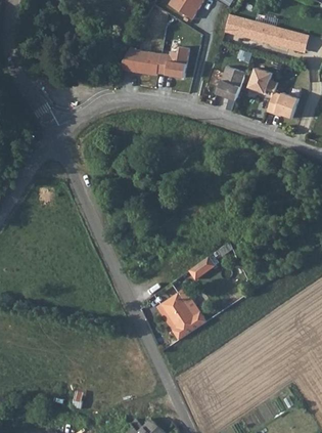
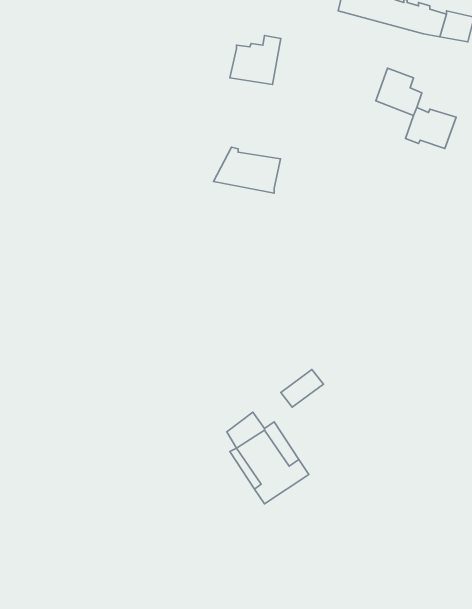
building: [119,48,160,77] -> [213,147,281,193]
building: [217,66,244,100] -> none

